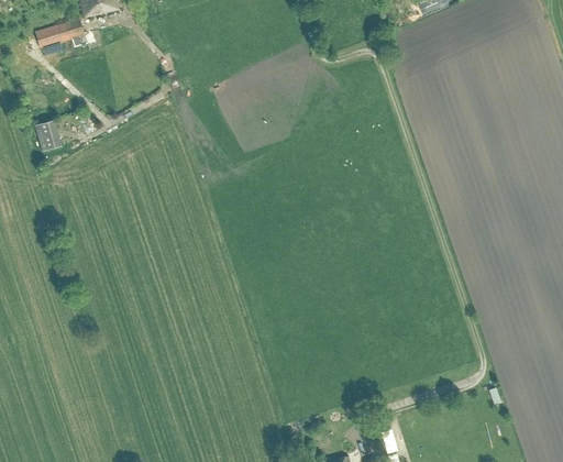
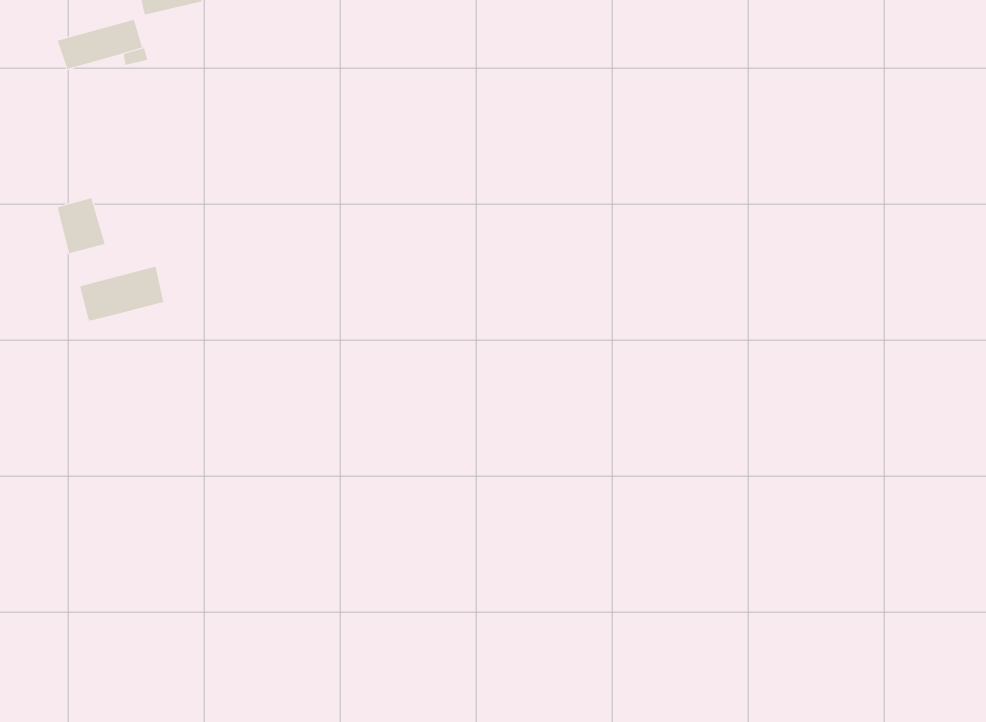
building: none -> [80,266,164,321]

